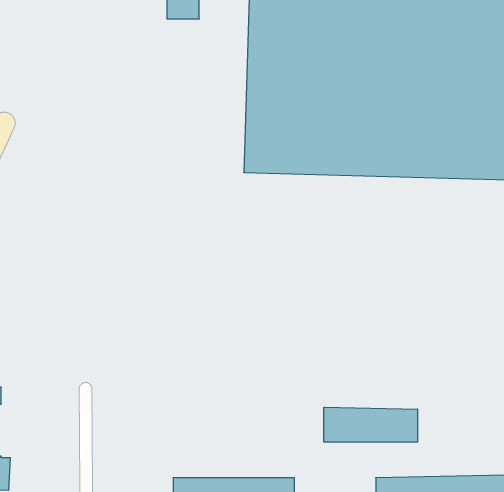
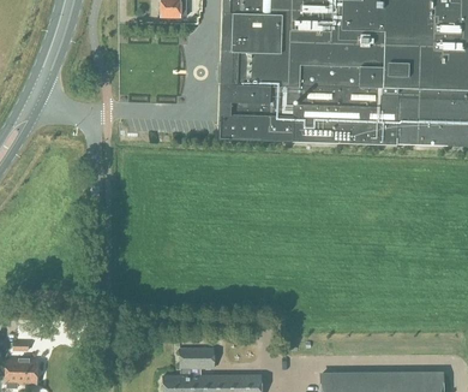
building: [324,407,418,442] -> none
building: none -> [180,349,215,376]

